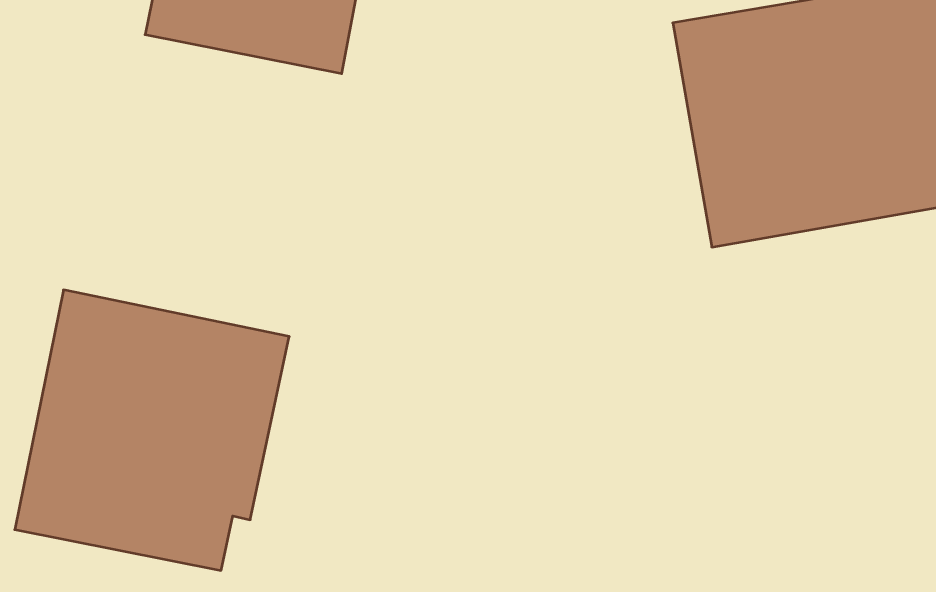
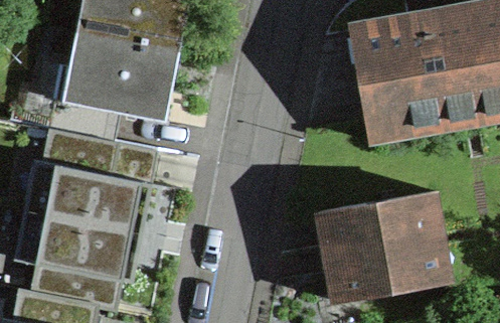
building: none -> [50,31,179,142]
building: none -> [318,191,446,301]

